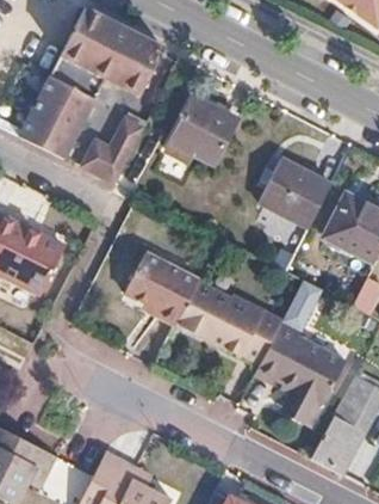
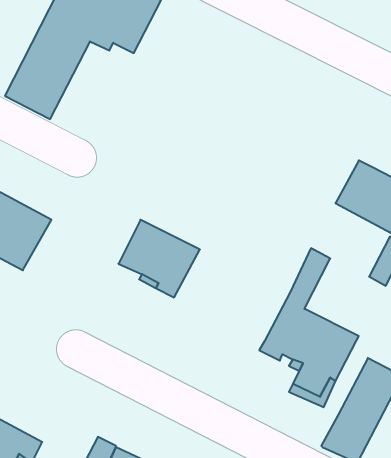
building: [167,99,237,166] -> none
building: [72,117,145,182] -> none
building: [260,158,333,227] -> none
building: [176,278,284,363] -> none

